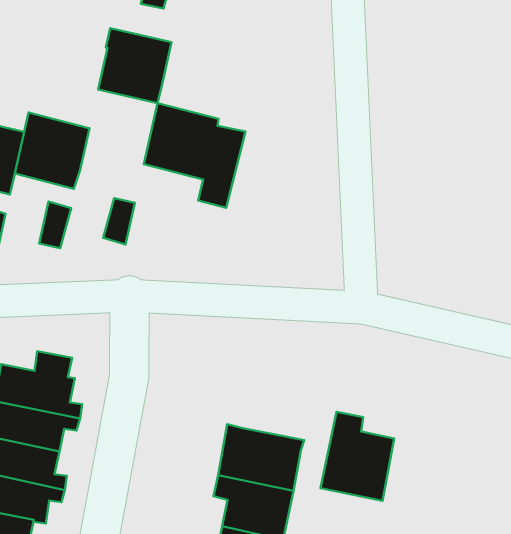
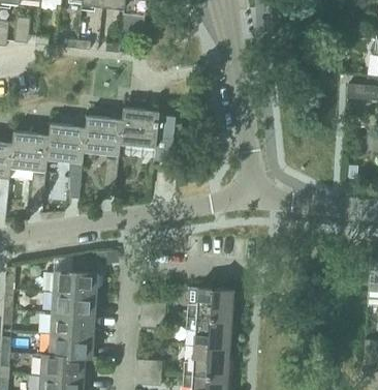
building: [98,28,171,103] -> [84,117,122,156]
building: [321,412,394,501] -> none

